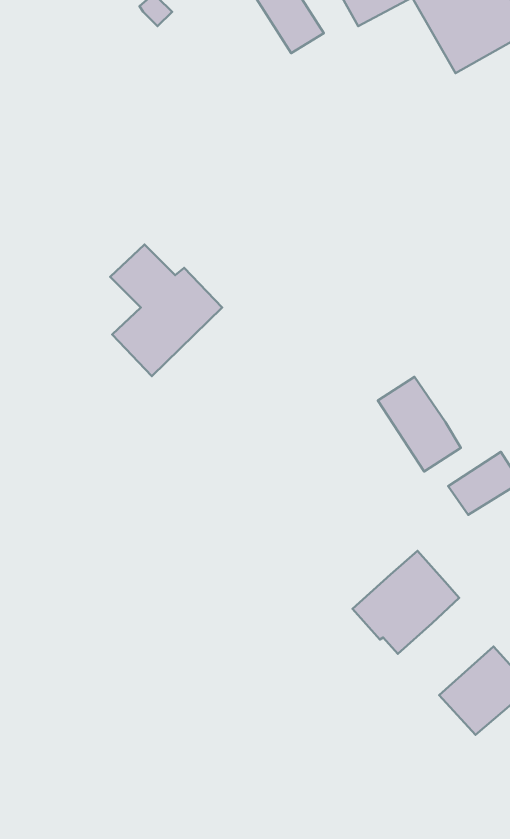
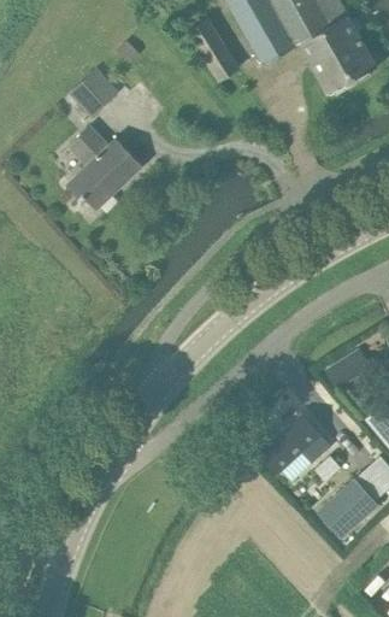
building: none -> [70,66,117,113]
building: [110,244,222,376] -> [66,124,141,212]
building: [378,377,461,471] -> none

